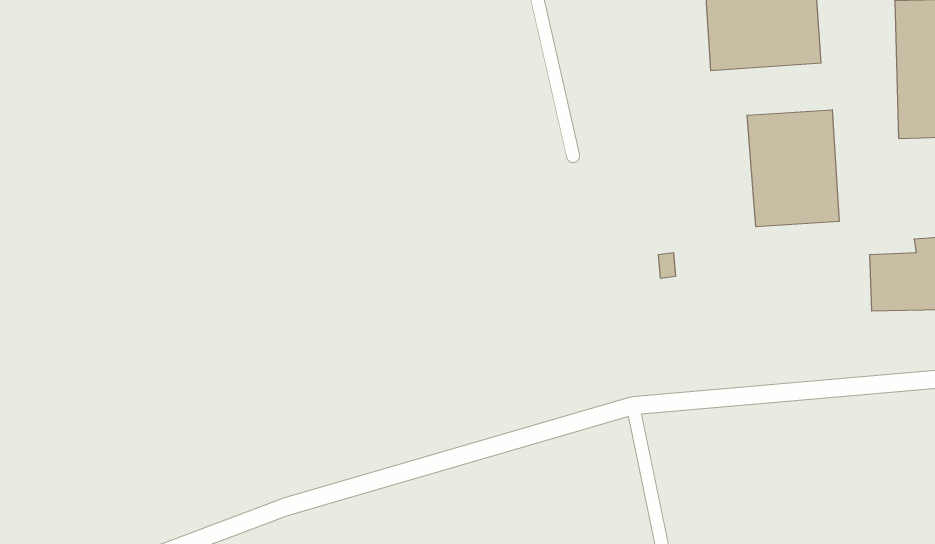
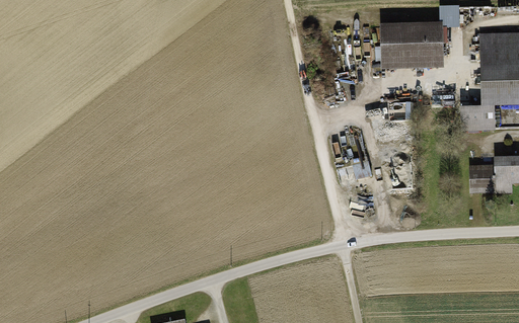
building: [747,110,839,227] -> none

